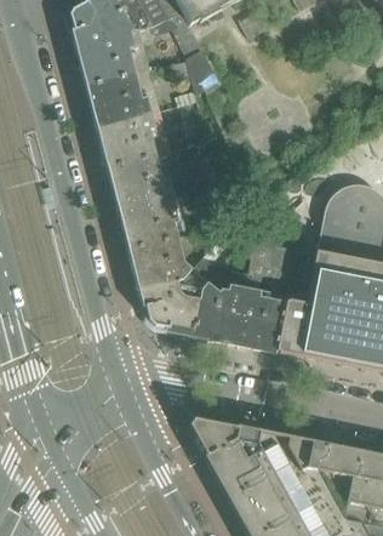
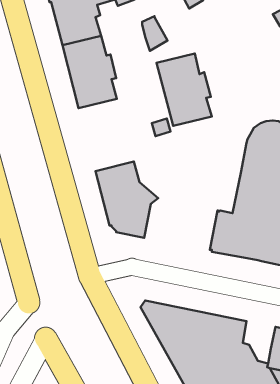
building: [105,154,177,247] -> [156,54,212,126]
building: [190,241,295,350] -> none
building: [318,441,360,477] -> none

